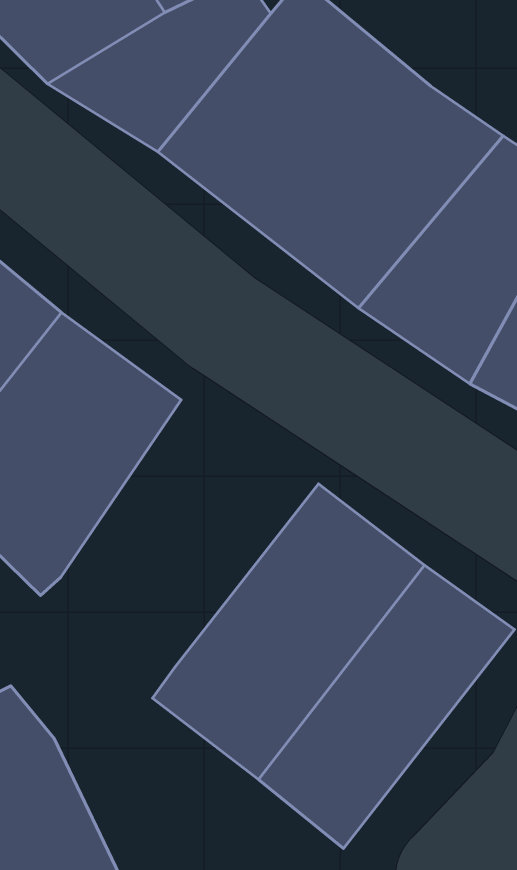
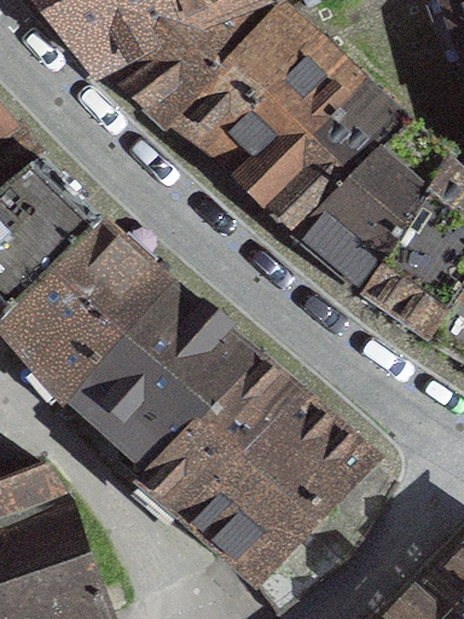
building: none -> [83,285,260,462]

